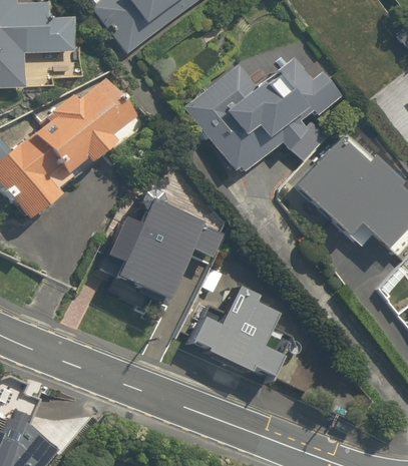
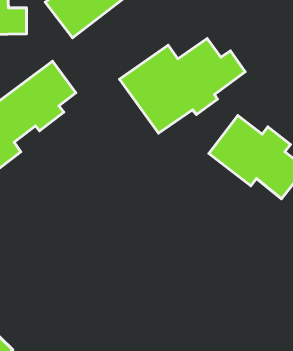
building: [105,198,223,301] -> none
building: [191,296,283,376] -> none

